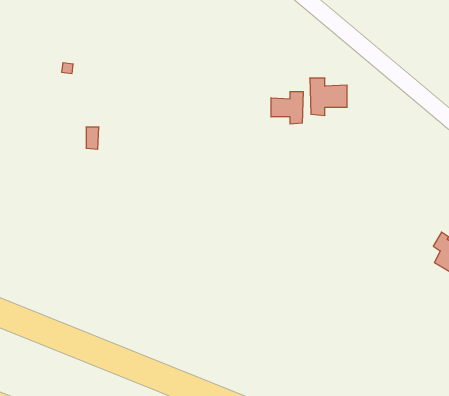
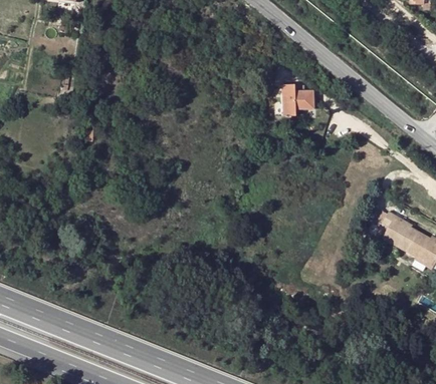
building: [271,92,303,124] -> none

